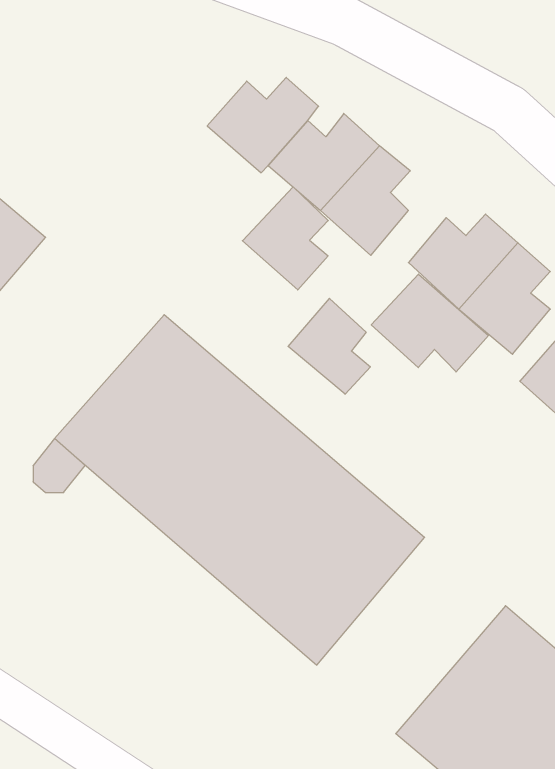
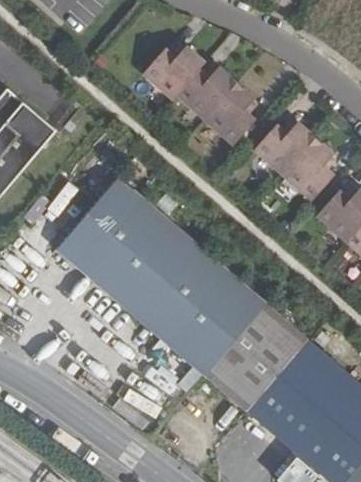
building: [242,187,328,290] -> none
building: [371,274,489,372] -> none
building: [288,298,370,394] -> none
building: none -> [204,302,309,411]

